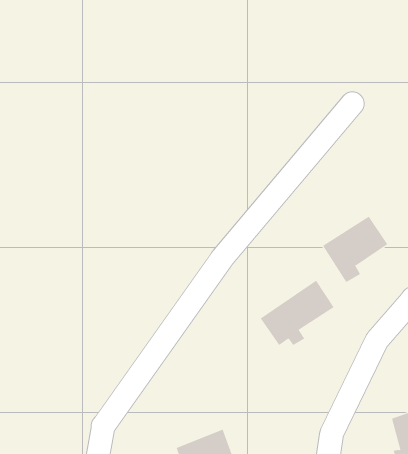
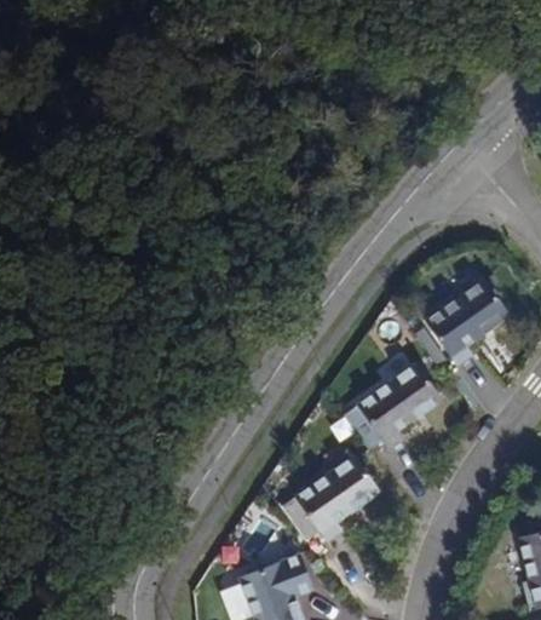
building: none -> [293,453,376,541]

